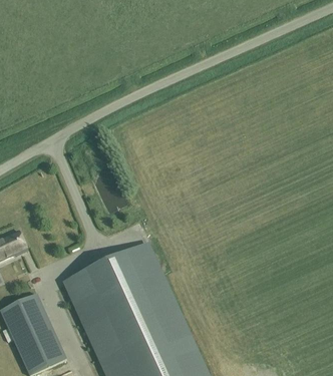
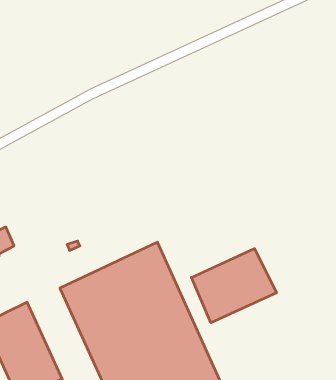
building: none -> [191,249,276,323]

